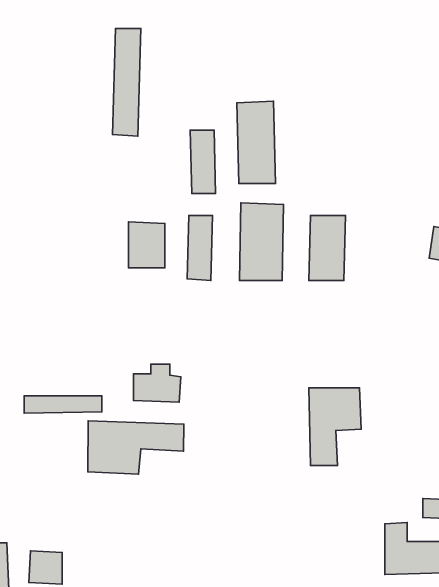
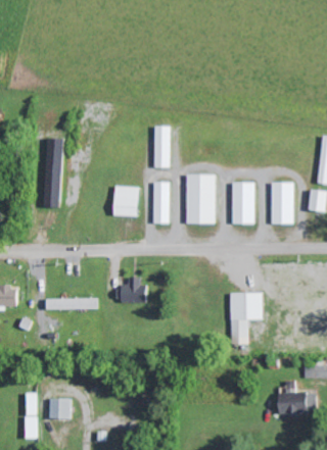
building: [112,28,141,136] -> [44,139,62,208]
building: [237,101,275,183] -> none
building: none -> [270,183,292,224]
building: [88,421,184,474] -> none

